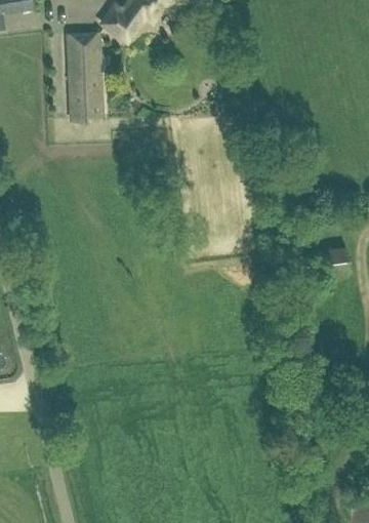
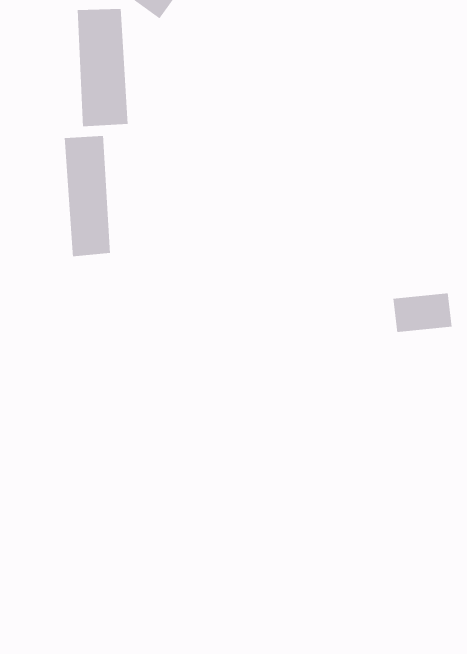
building: none -> [64,135,111,257]

